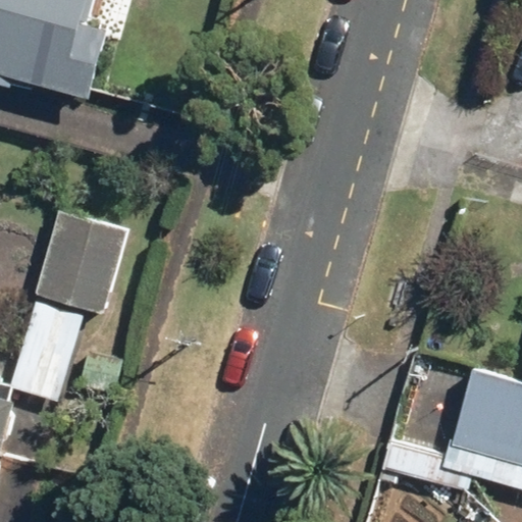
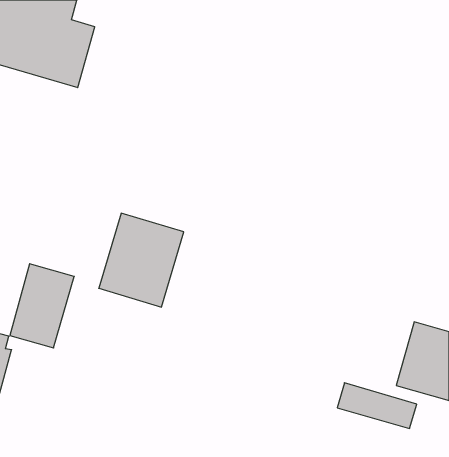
building: [34,208,130,315] -> [99,213,184,307]

